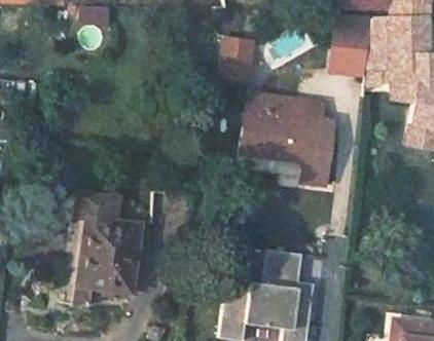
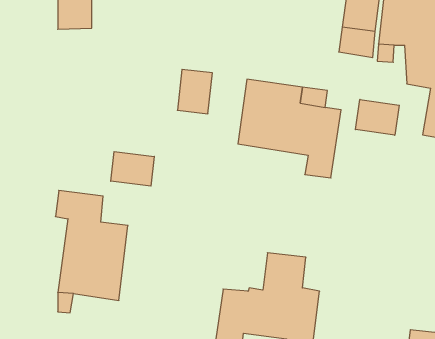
building: [216,38,248,78] -> [177,69,212,114]
building: none -> [355,99,399,135]
building: none -> [111,152,154,186]

